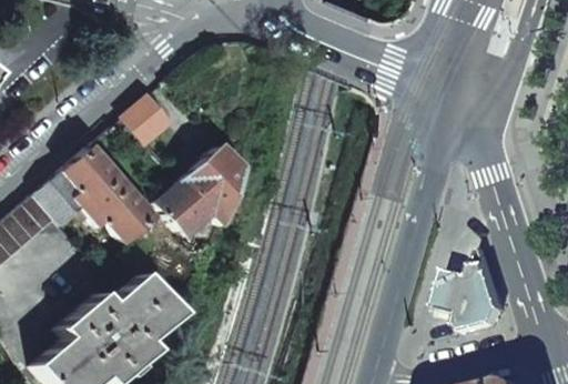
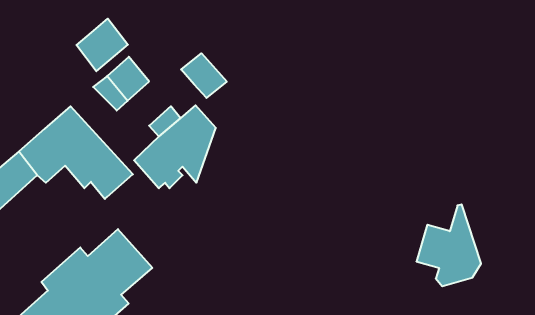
building: none -> [76,19,128,71]
building: none -> [181,53,227,98]

